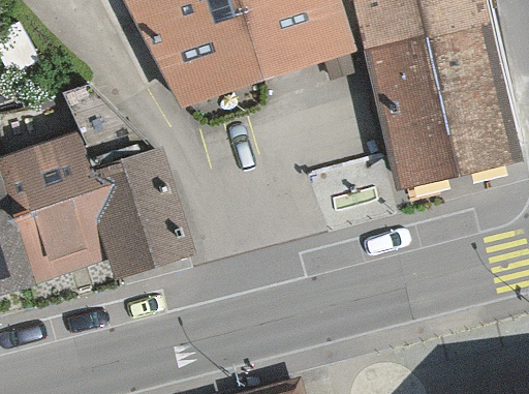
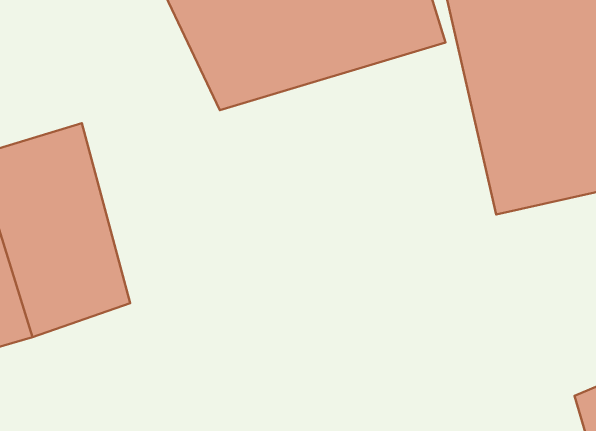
building: [58,80,177,264] -> none

